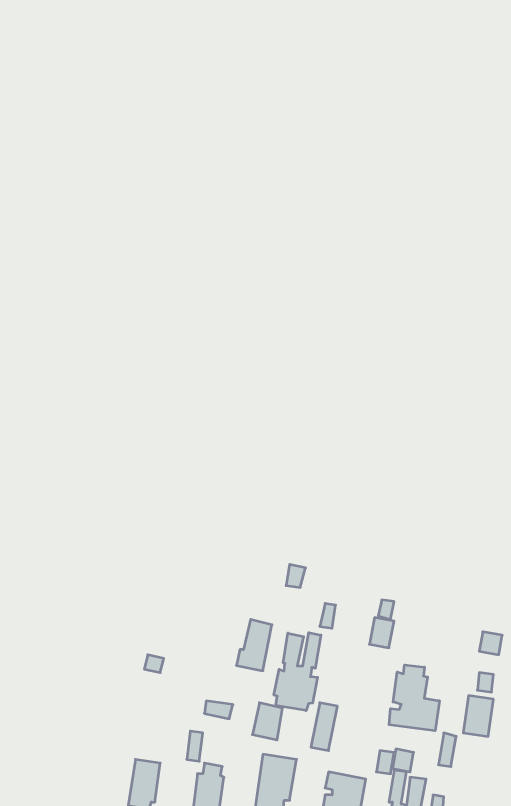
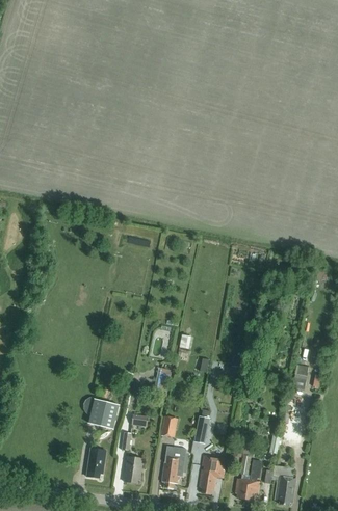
building: [274,633,321,711] -> none
building: [389,665,439,731] -> none
building: none -> [88,399,119,429]

